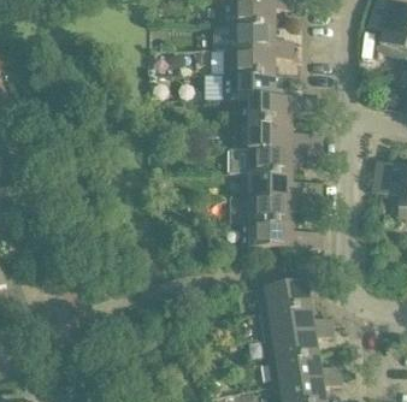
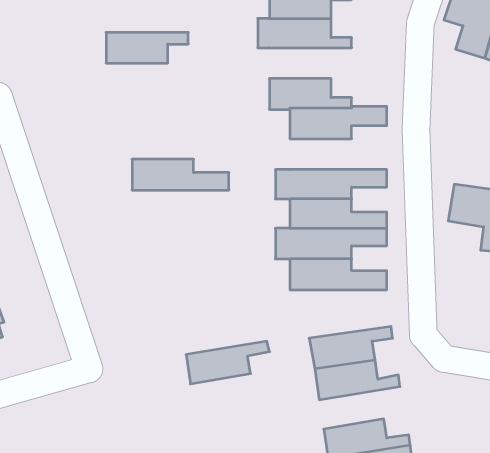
building: [224,48,291,73] -> [106,32,188,63]
building: [241,123,320,148] -> [132,159,229,190]
building: [265,326,334,361] -> [186,341,270,384]

